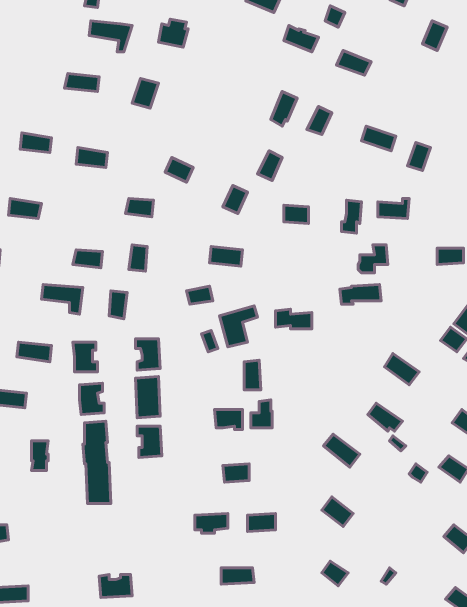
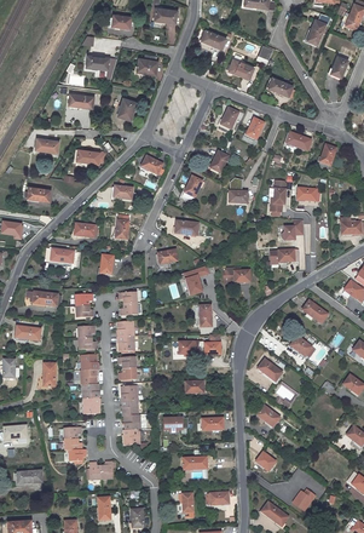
building: none -> [122,382,143,442]
building: none -> [68,425,89,460]

